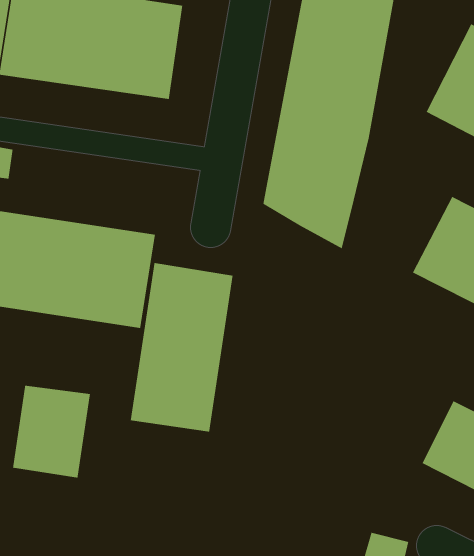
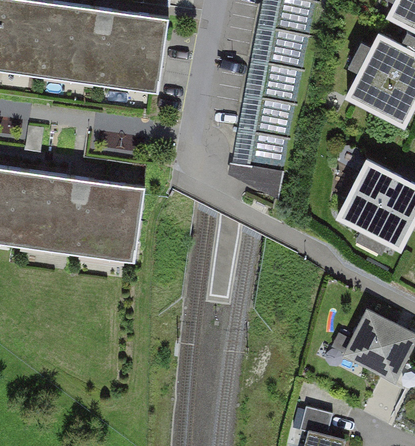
building: [130,262,234,432] -> none
building: [12,385,91,478] -> none

